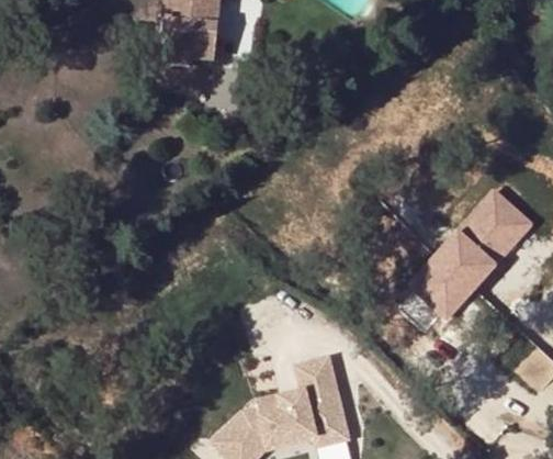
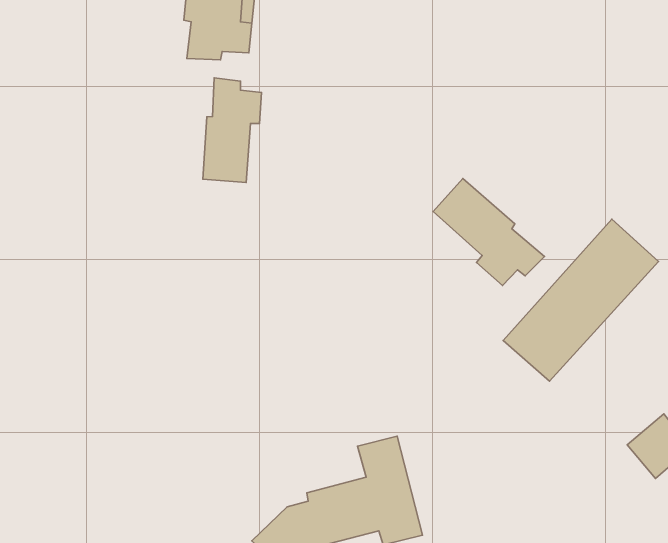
building: none -> [203,78,262,182]
building: none -> [433,179,544,285]

